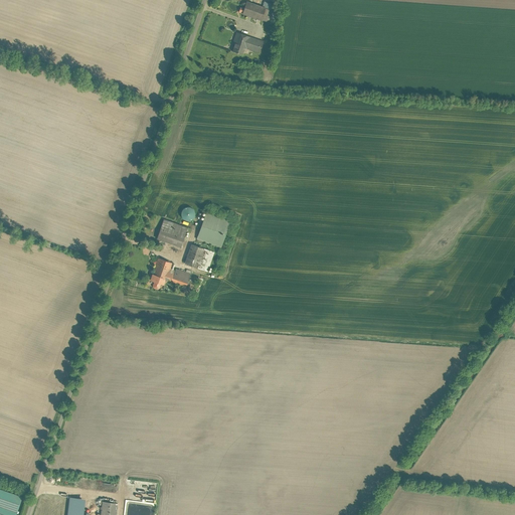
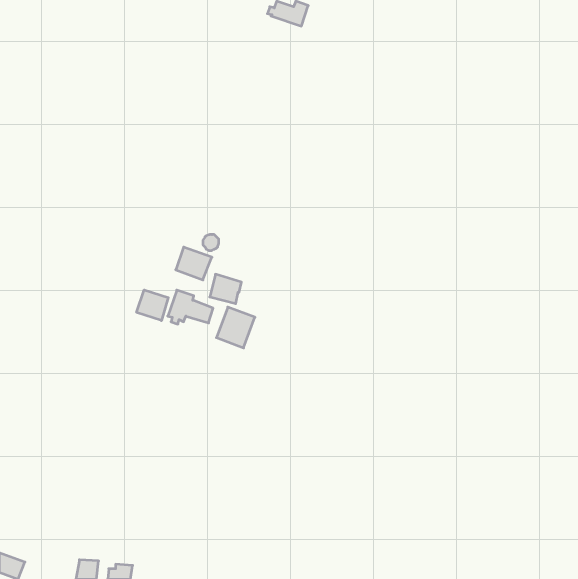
building: [230,32,262,55] -> none
building: [196,213,230,249] -> [216,307,255,348]
building: none -> [137,290,168,321]

